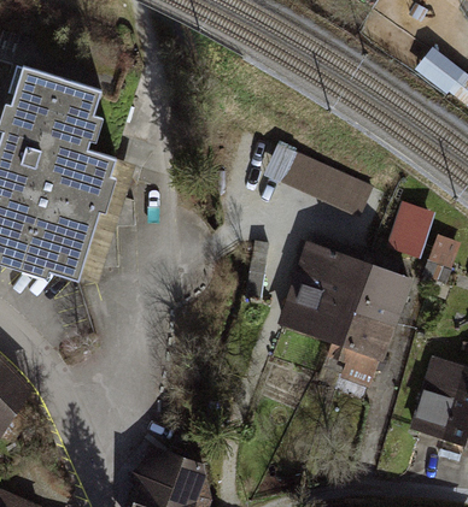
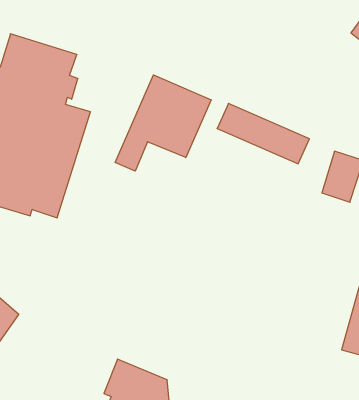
building: none -> [115,75,211,171]
building: [275,242,413,391] -> none

